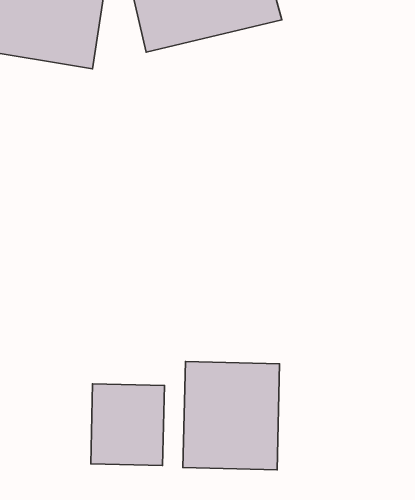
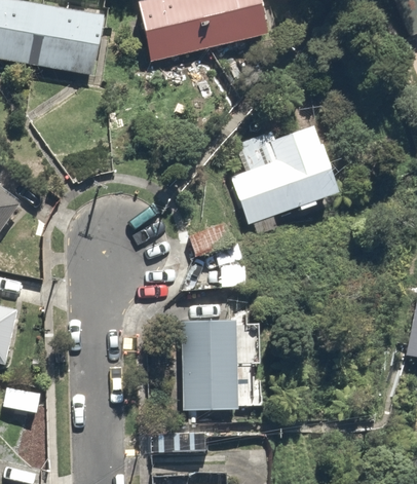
building: none -> [221,123,340,225]
building: [91,384,164,465] -> none

